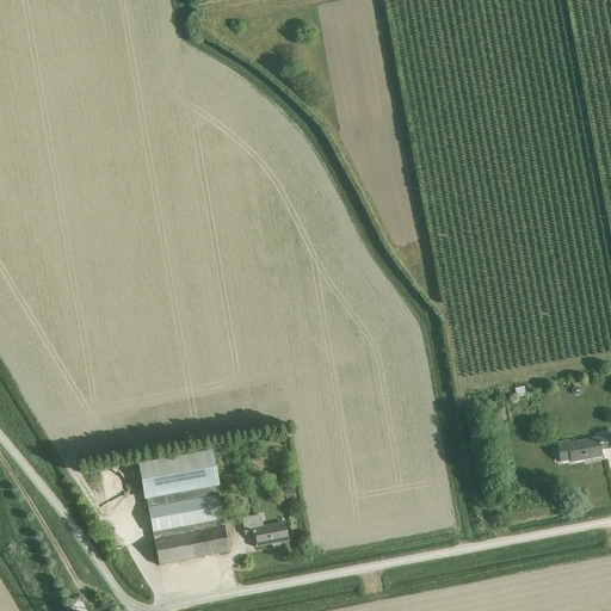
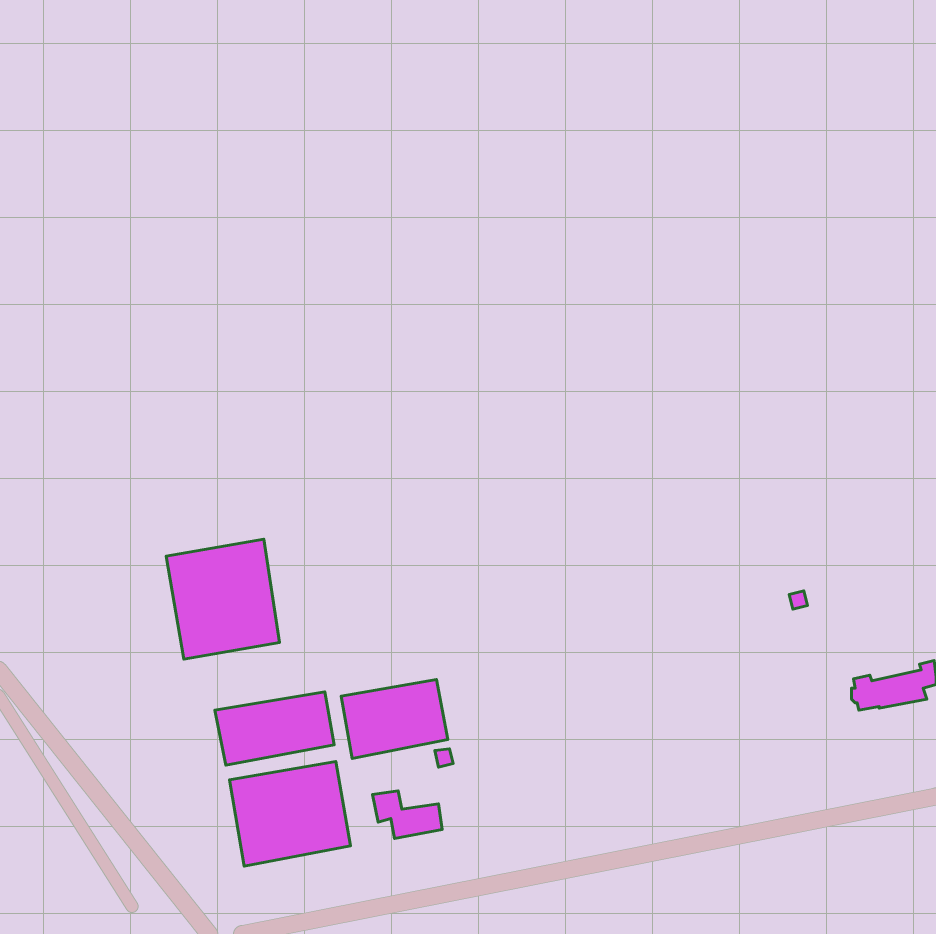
building: none -> [166,539,280,659]
building: none -> [341,680,448,759]

